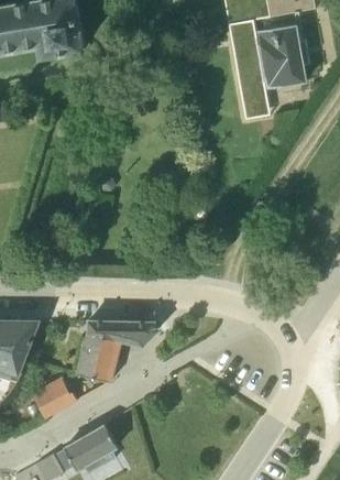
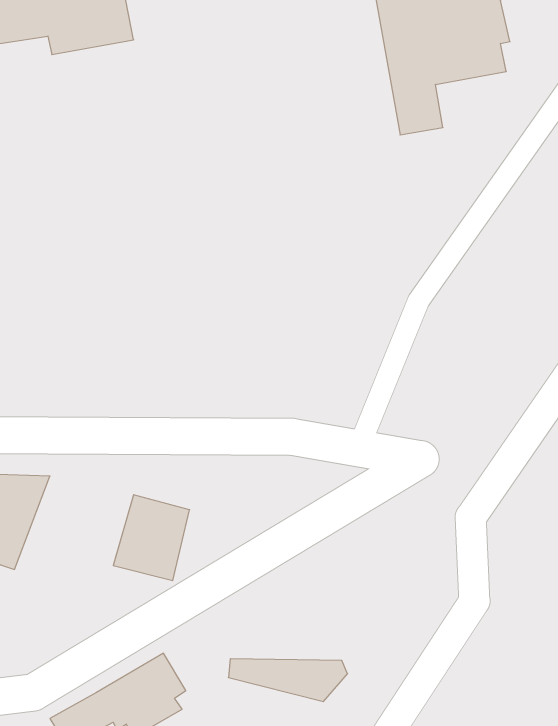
building: [87,319,157,345] -> [228,659,348,702]
building: [33,375,75,417] -> none

